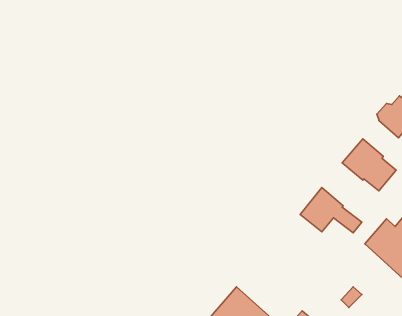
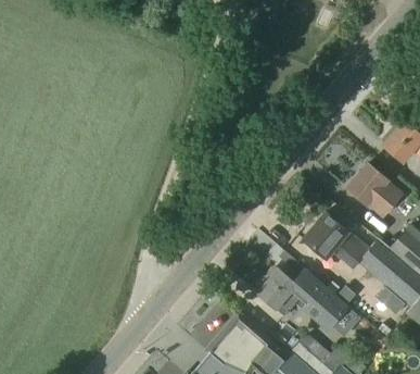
building: none -> [257,267,348,324]

